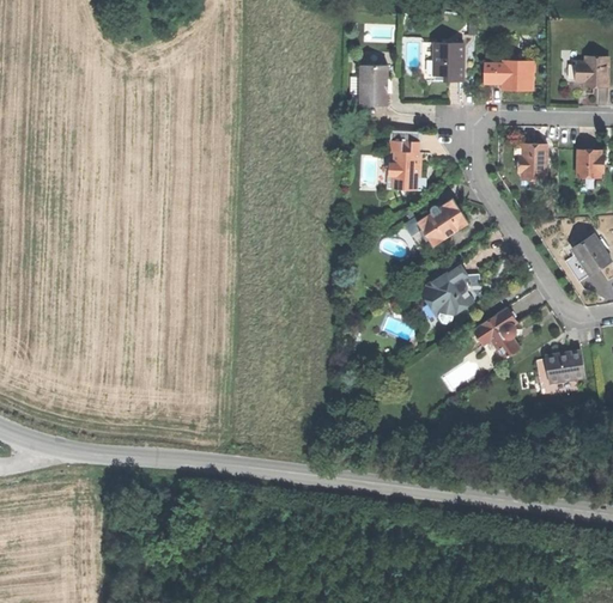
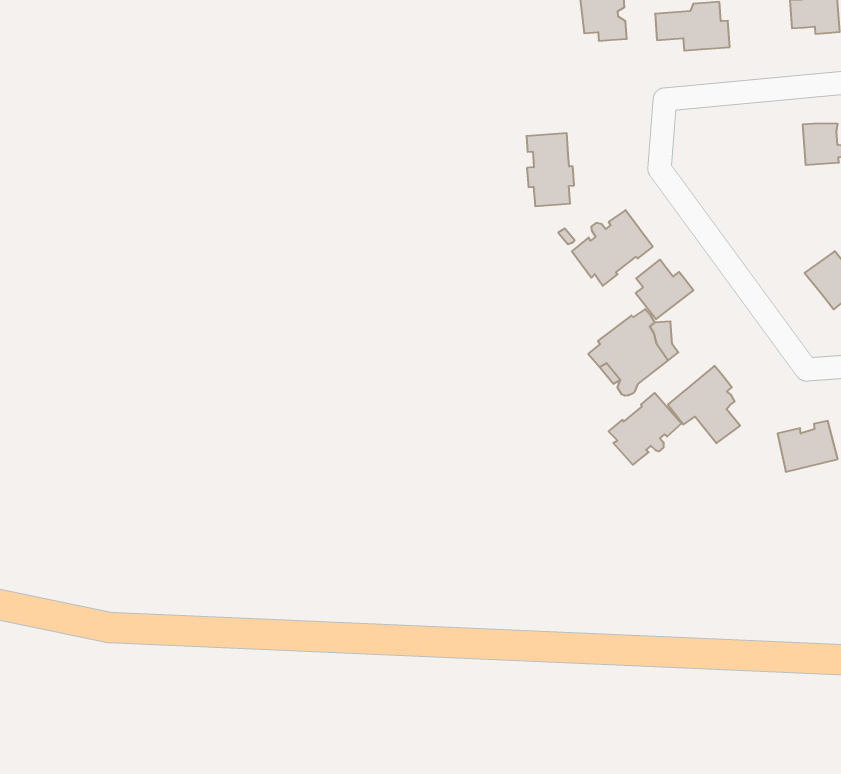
building: [359,66,387,106] -> none
building: [517,144,546,176] -> none
building: none -> [636,260,693,319]
building: none -> [609,393,682,465]

